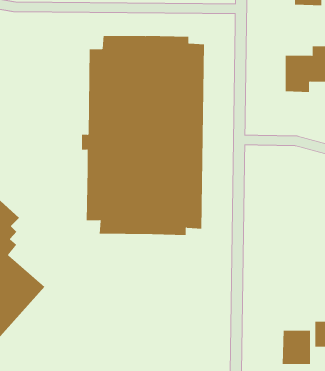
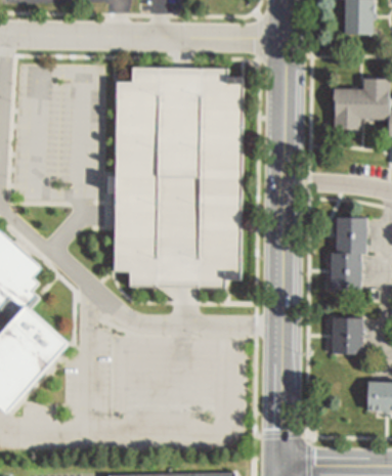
building: none -> [330,217,367,290]
building: [282,330,311,365] -> [331,317,362,355]

